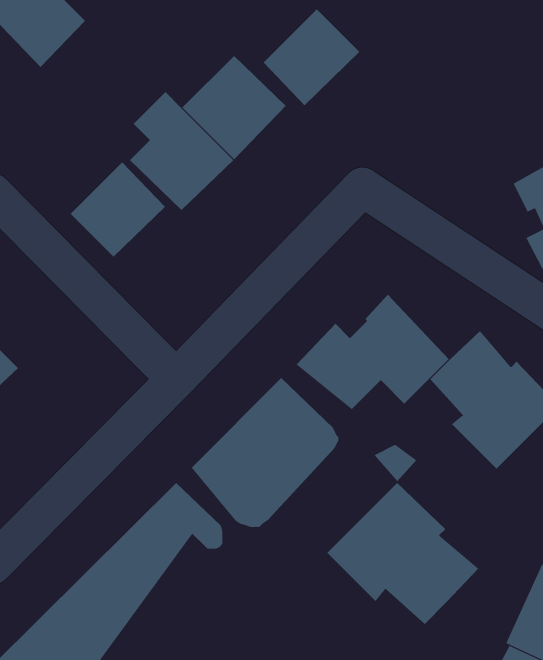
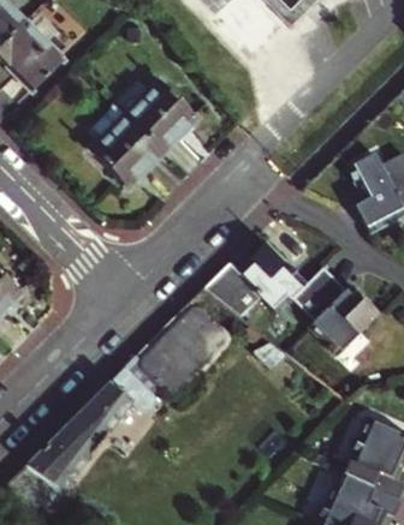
building: [263,8,360,106] -> none
building: [70,162,166,257] -> none
building: [327,482,479,625] -> none

